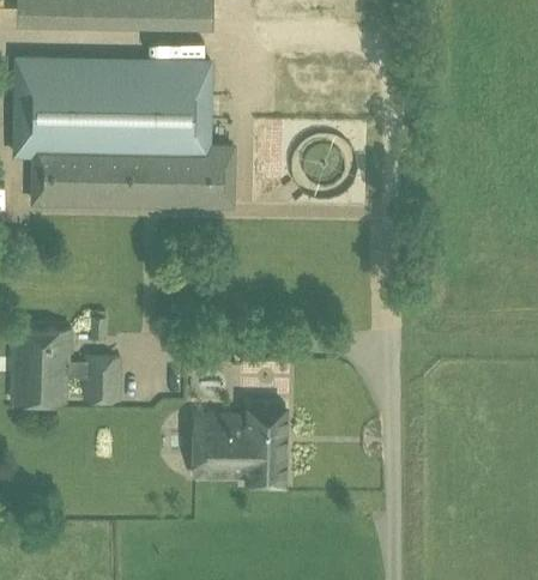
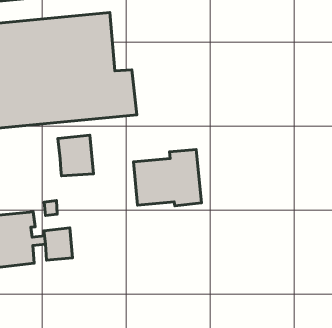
building: none -> [58,135,94,176]
building: [193,406,285,484] -> [133,150,201,206]

